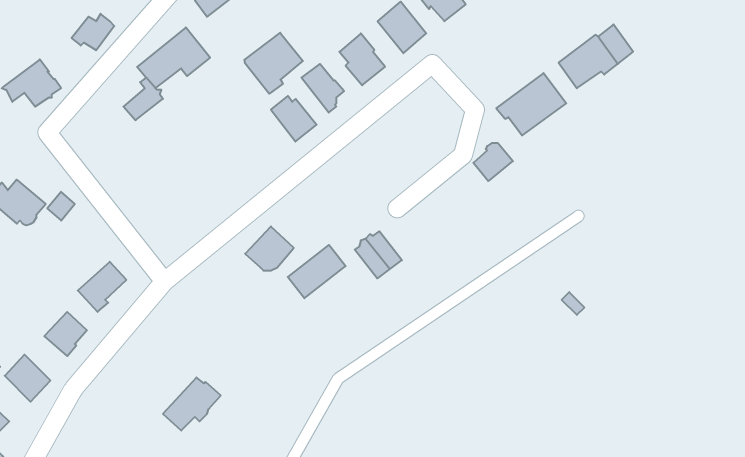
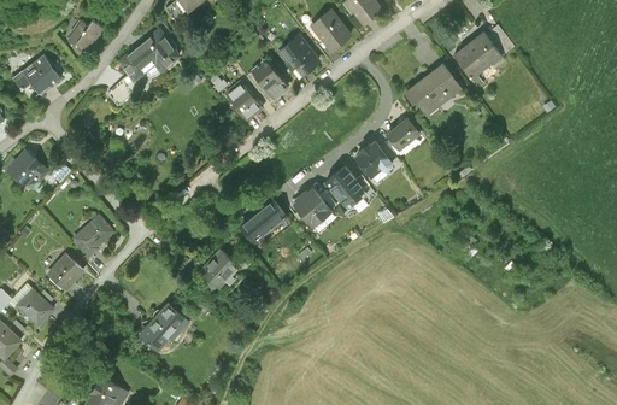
building: [244,33,303,94] -> none
building: none -> [355,143,390,177]
building: none -> [324,168,363,206]
building: [245,226,294,271] -> [199,251,237,286]

